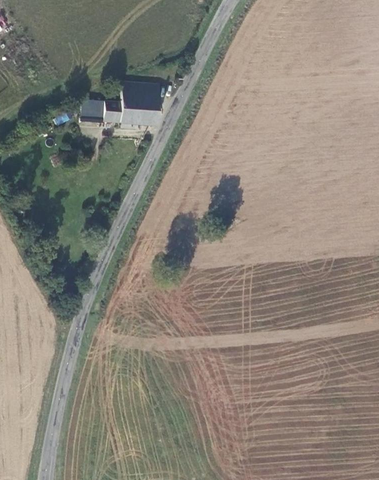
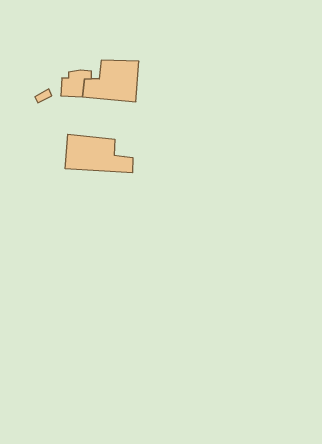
building: none -> [65,134,133,173]

